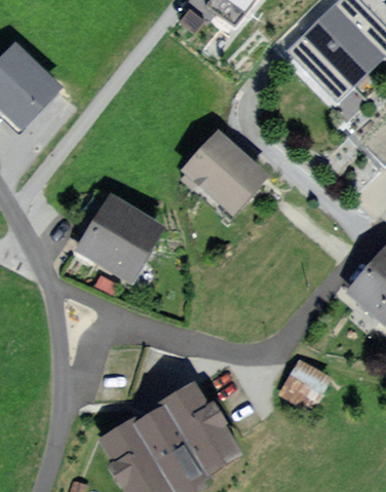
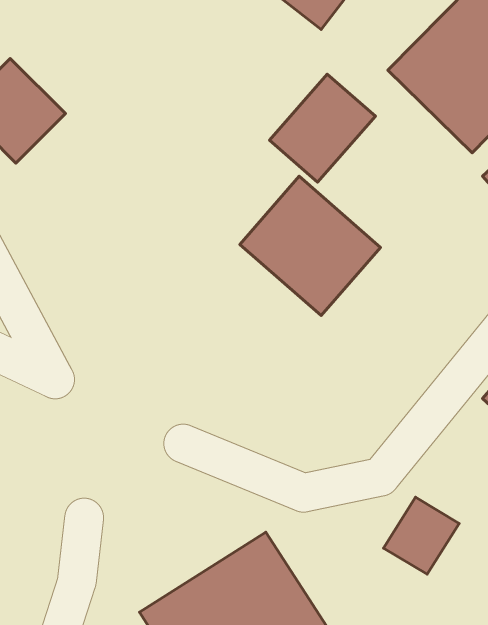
building: none -> [270,74,375,182]
building: [74,201,156,281] -> none

